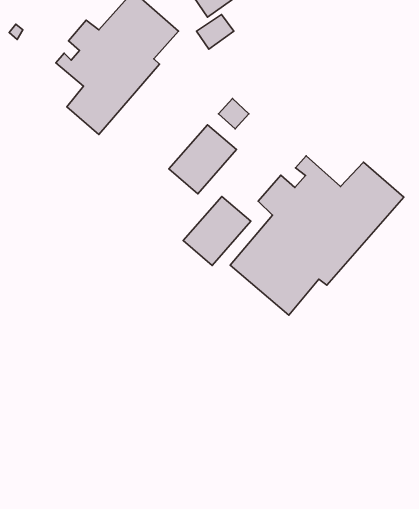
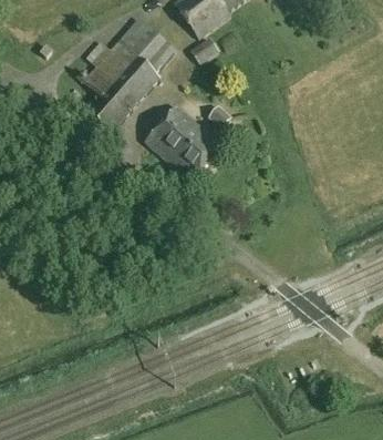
building: [230,156,404,315] -> none
building: [183,196,251,265] -> [144,105,198,161]

